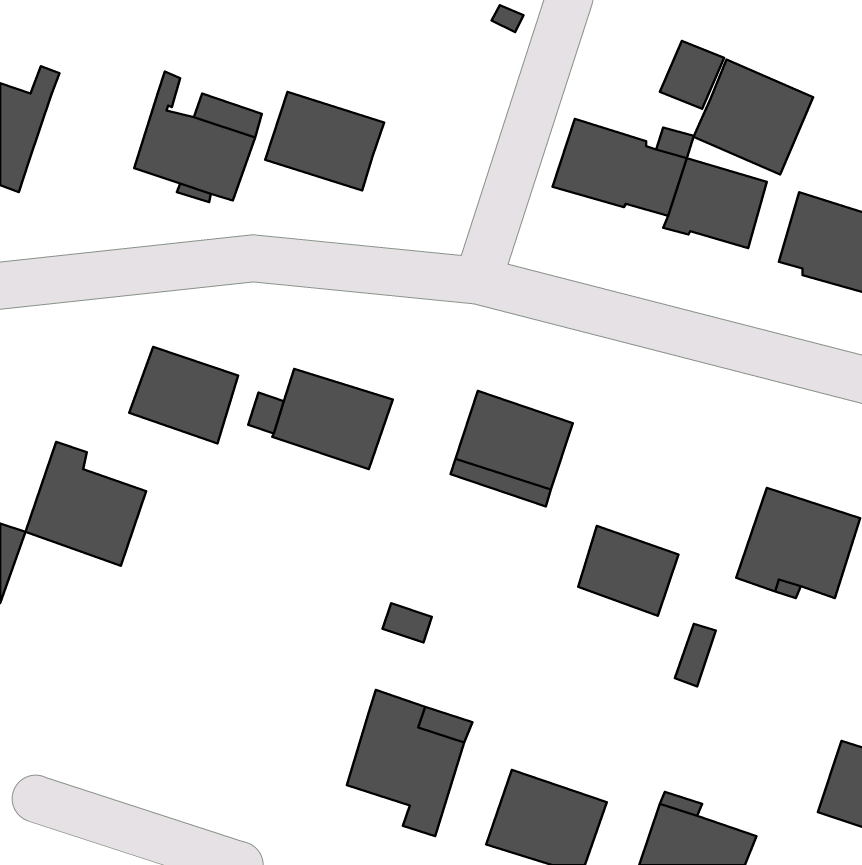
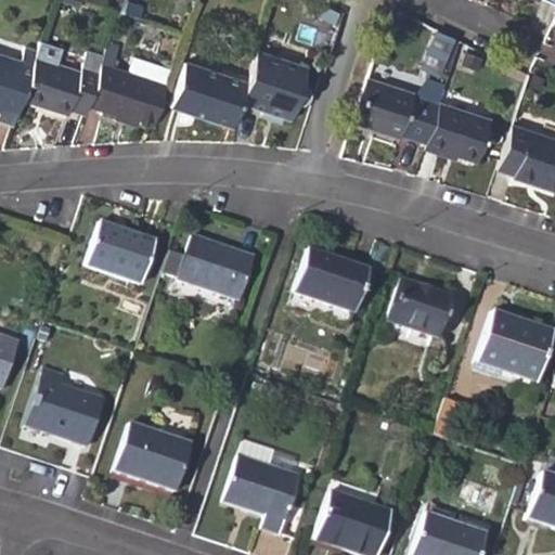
building: [693,59,813,174] -> none
building: none -> [242,46,313,117]
building: none -> [23,54,105,116]
building: [26,442,146,566] -> [27,366,104,446]
building: [578,526,678,616] -> [388,280,452,337]
building: none -> [114,422,192,491]

